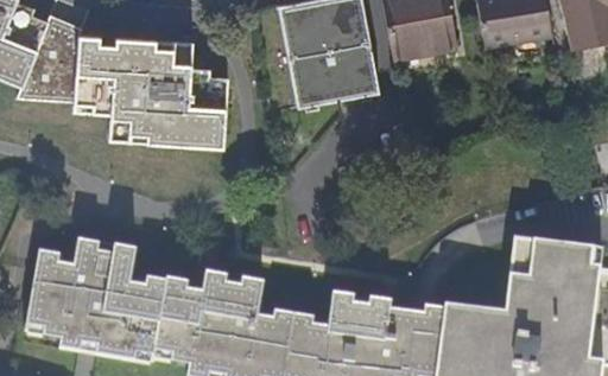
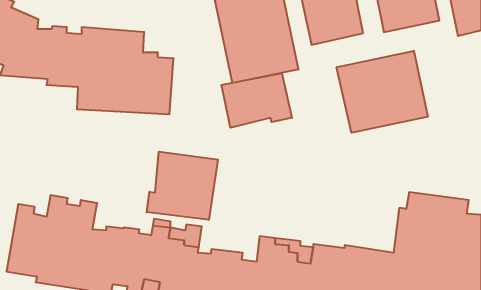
building: none -> [337,51,428,133]
building: none -> [222,73,292,128]
building: none -> [147,152,218,220]

